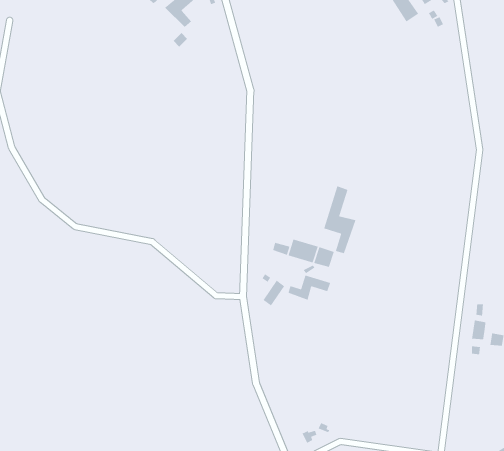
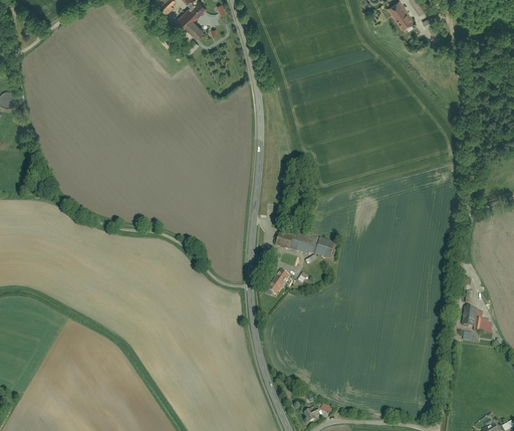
building: [323,185,357,254] -> none
building: [288,274,331,301] -> none

